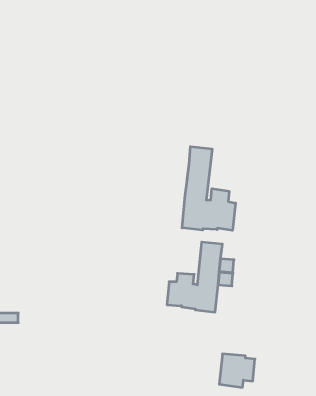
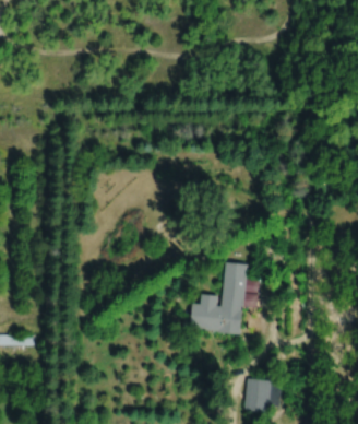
building: [182,147,236,230] -> none

